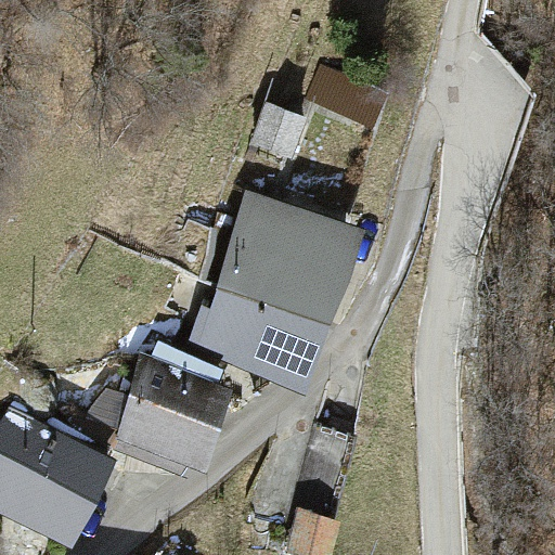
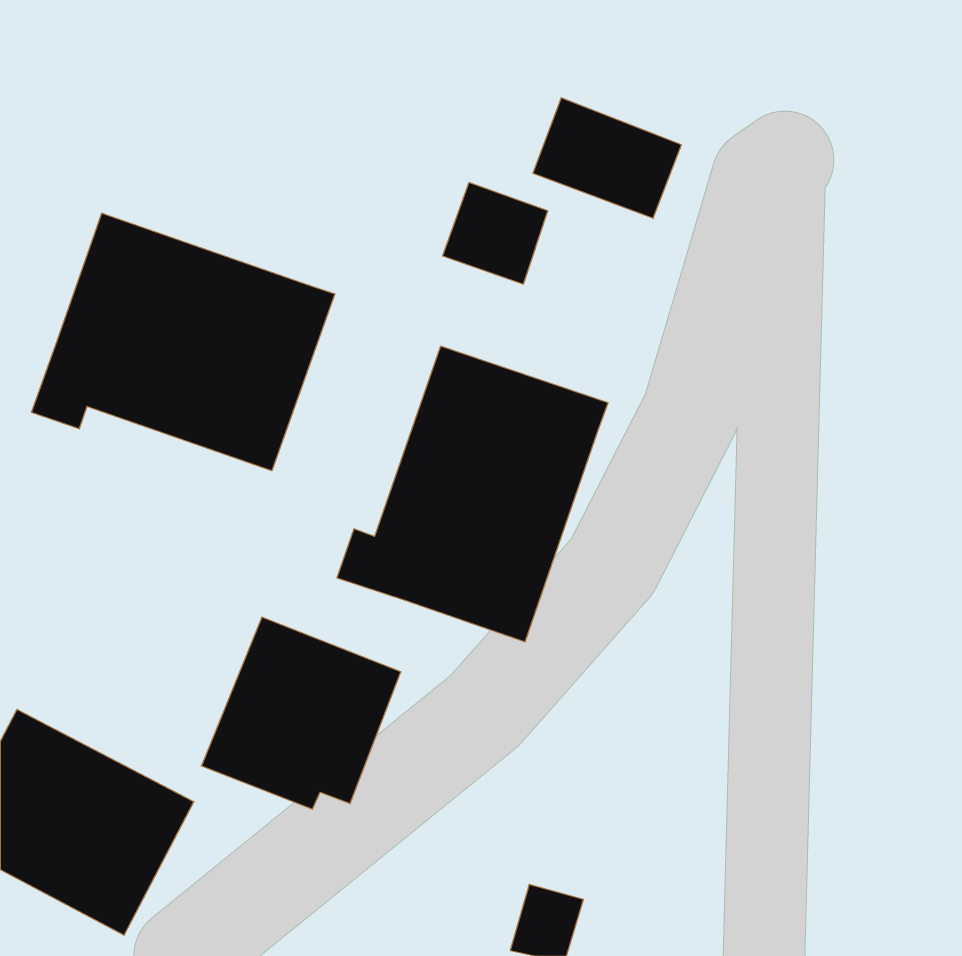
building: none -> [32,213,335,471]

